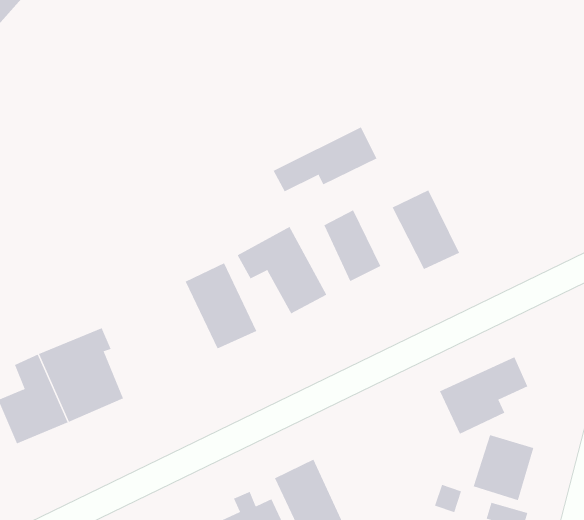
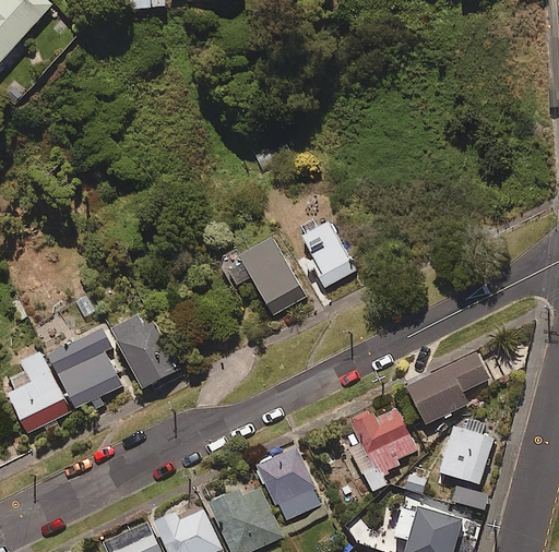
building: [273,127,377,192] -> none
building: [392,190,460,270] -> none
building: [185,262,257,349] -> [112,308,178,386]
building: none -> [348,407,419,491]

